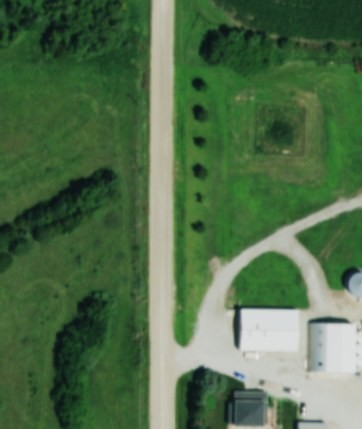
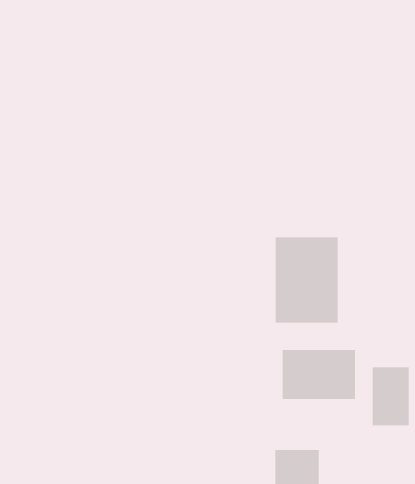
building: none -> [275,236,338,323]

